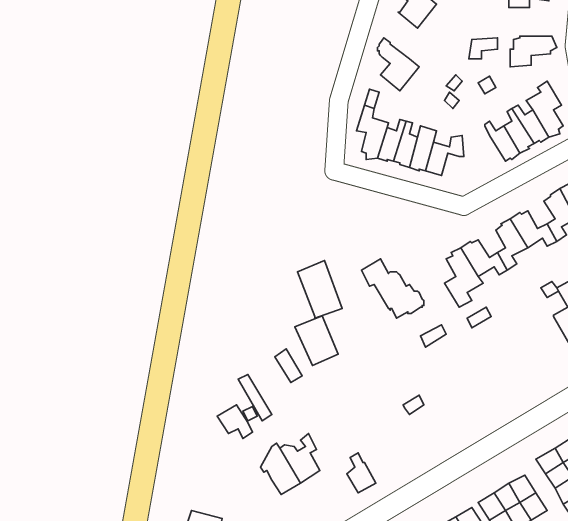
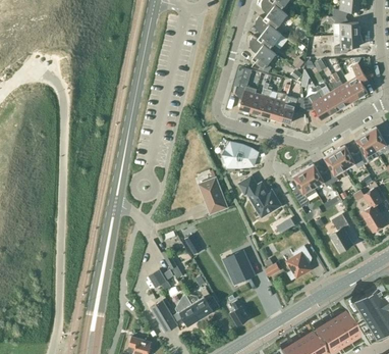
building: none -> [257,15,282,48]
building: none -> [329,15,362,34]
building: none -> [304,91,332,118]
building: none -> [224,142,259,167]
building: [295,316,338,365] -> [228,251,256,283]
building: none -> [331,213,354,251]
building: none -> [287,245,313,279]
building: none -> [151,299,183,332]

